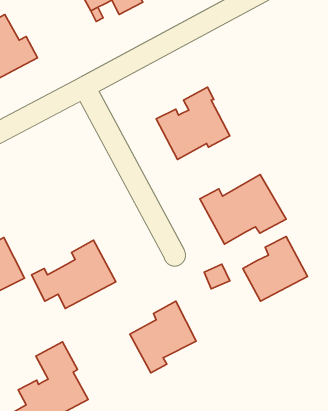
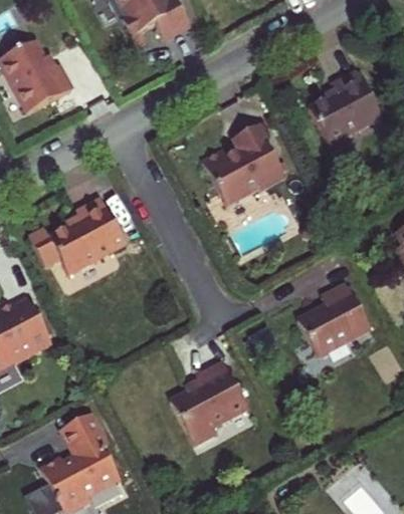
building: none -> [312,69,380,135]
building: [200,174,286,244] -> none
building: [32,240,116,308] -> [31,193,127,270]

